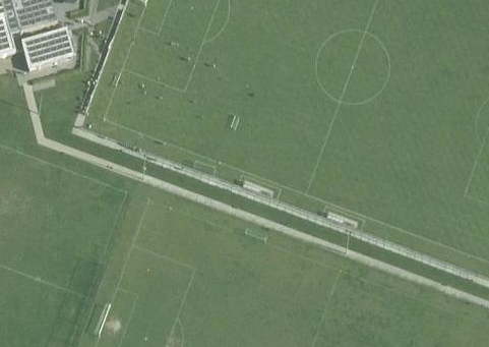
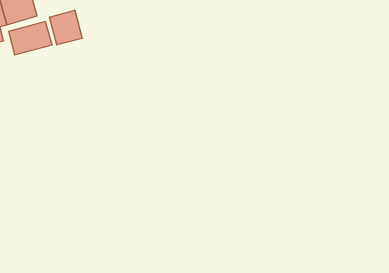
building: none -> [50,10,82,45]

